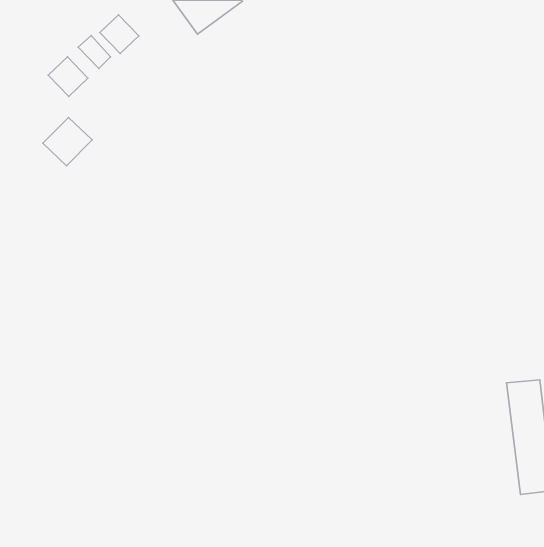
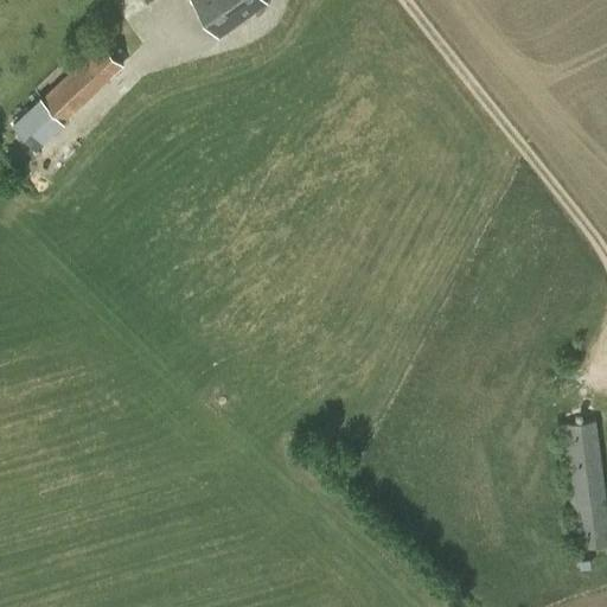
building: [100,15,139,54] -> none
building: [43,117,92,166] -> [14,94,69,147]

